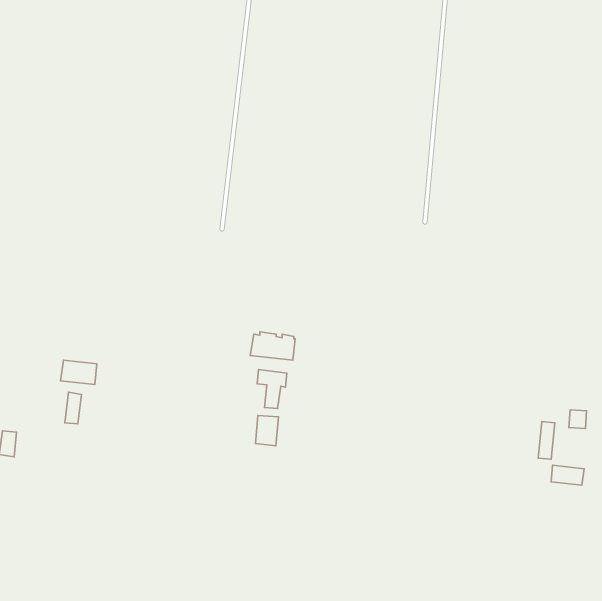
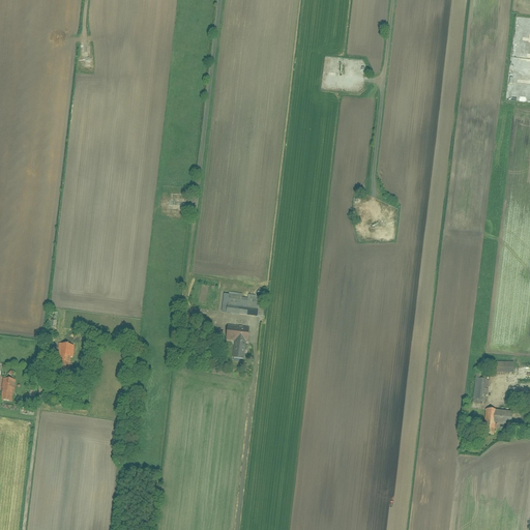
building: [61,360,97,385] -> none
building: [255,415,278,446] -> none

